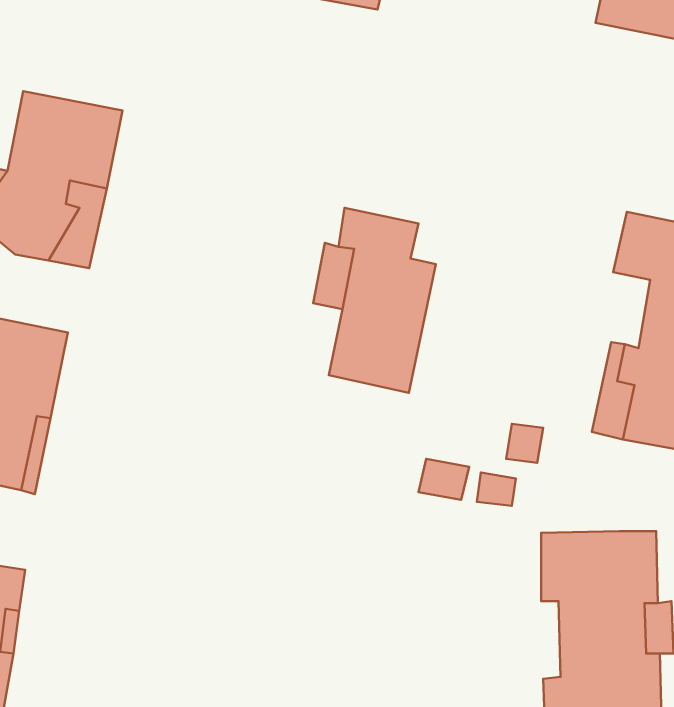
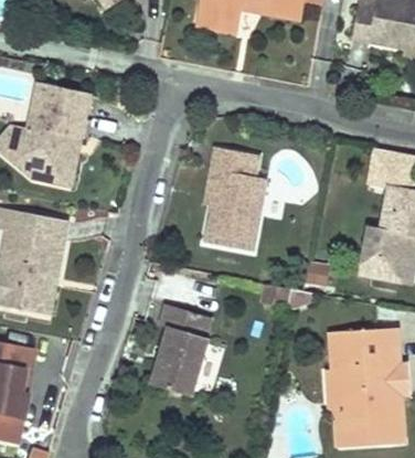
building: none -> [148,303,210,400]

